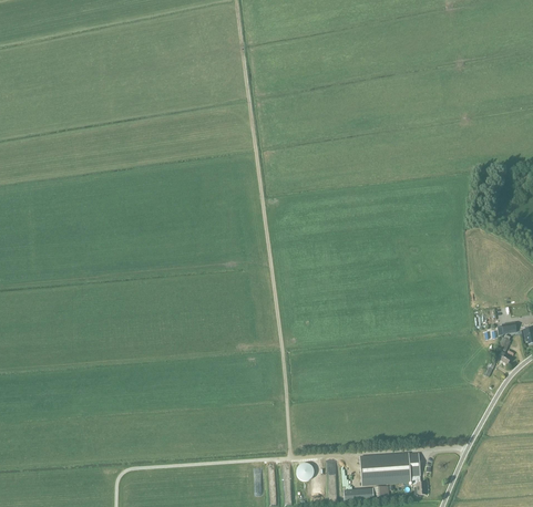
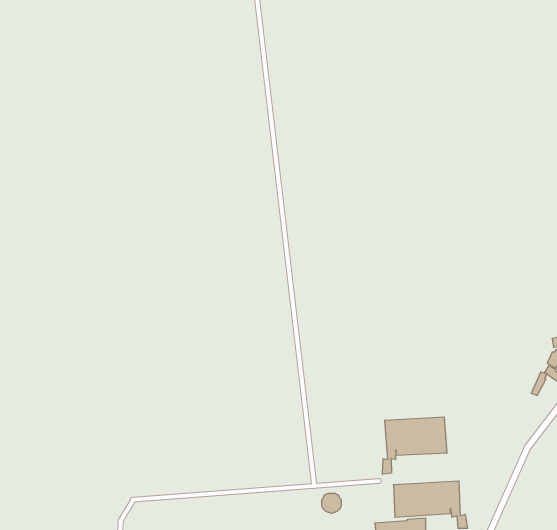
building: none -> [382,417,447,474]

